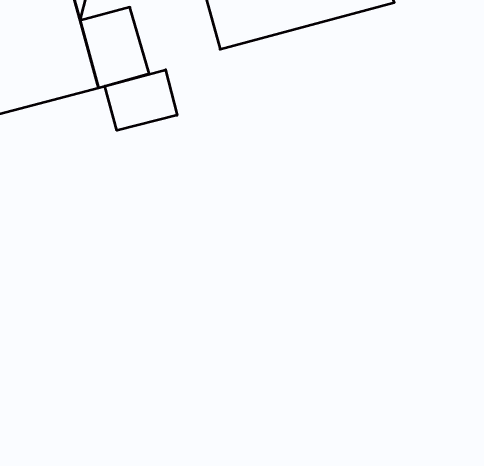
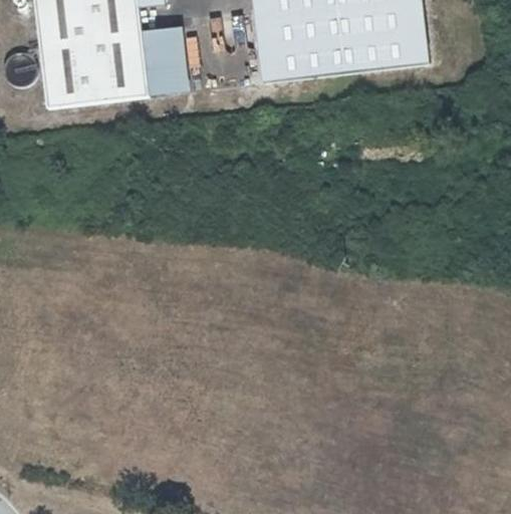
building: [105,70,177,130] -> none

